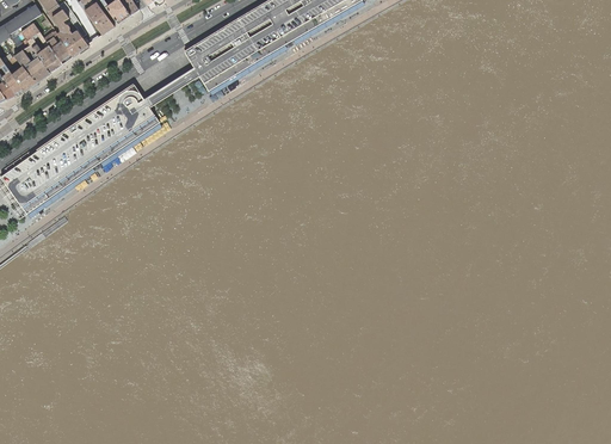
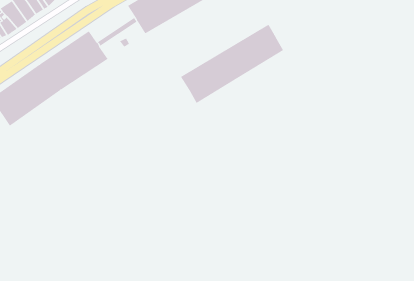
building: none -> [180,24,284,104]

